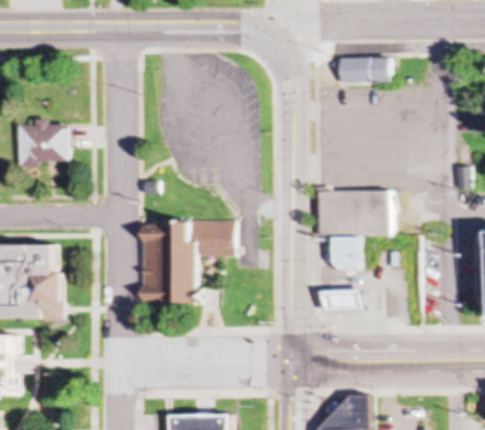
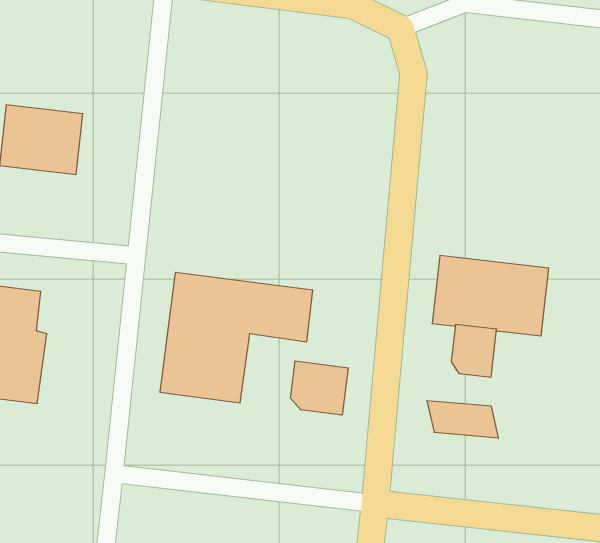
building: [340,57,391,83] -> none
building: none -> [290,361,348,415]

